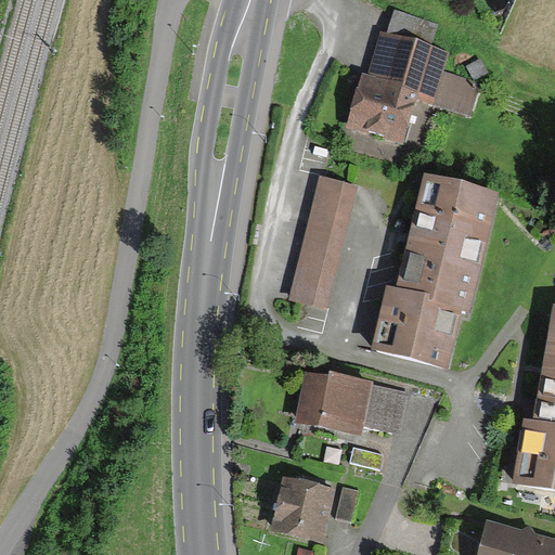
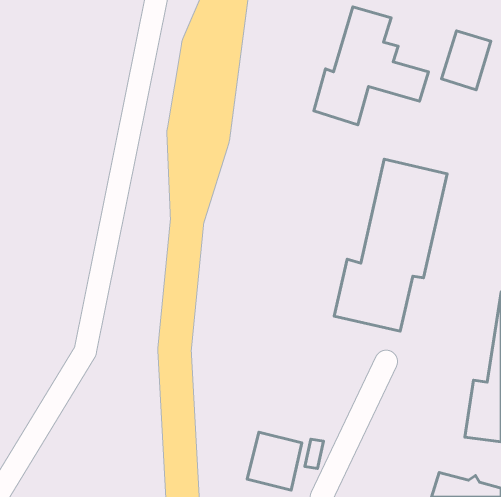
building: none -> [441,31,491,90]
building: [289,173,359,305] -> none
building: [294,370,401,431] -> none

